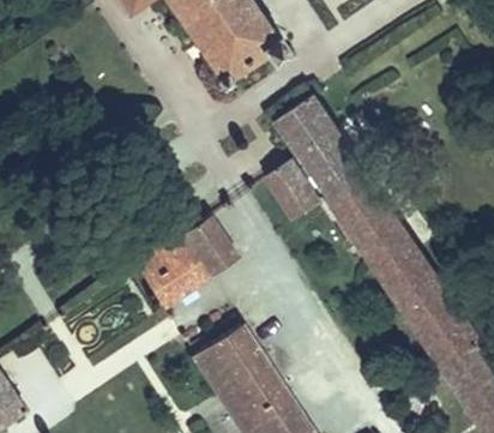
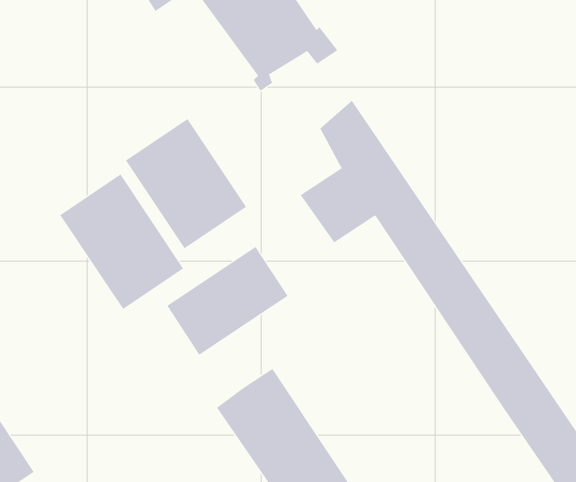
building: none -> [125,118,247,249]
building: none -> [59,174,184,310]

